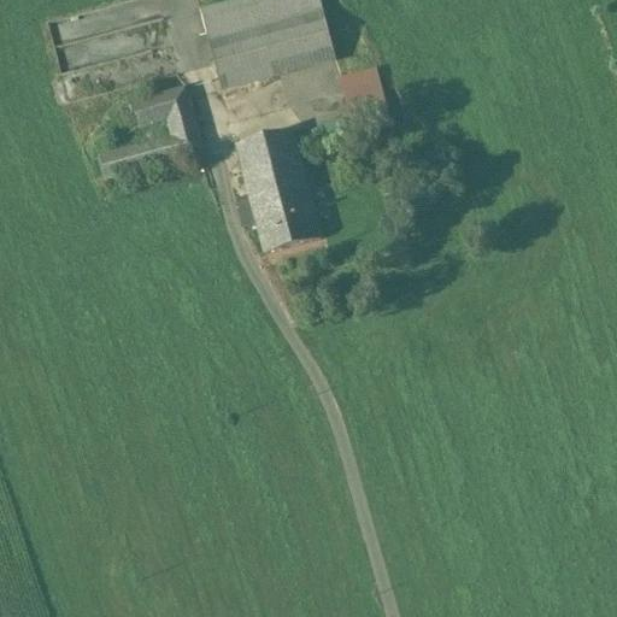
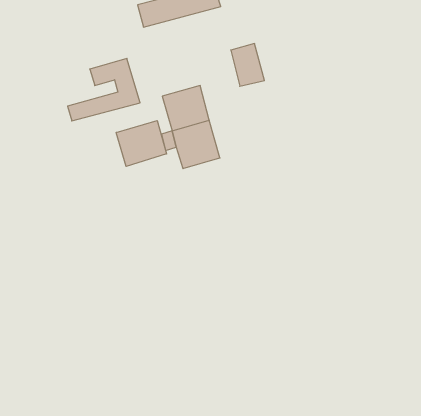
building: [210,10,335,87] -> none
building: none -> [116,121,167,166]

